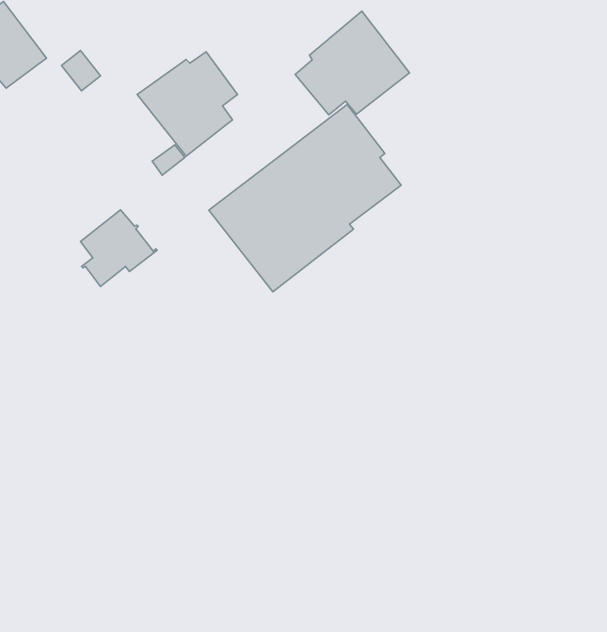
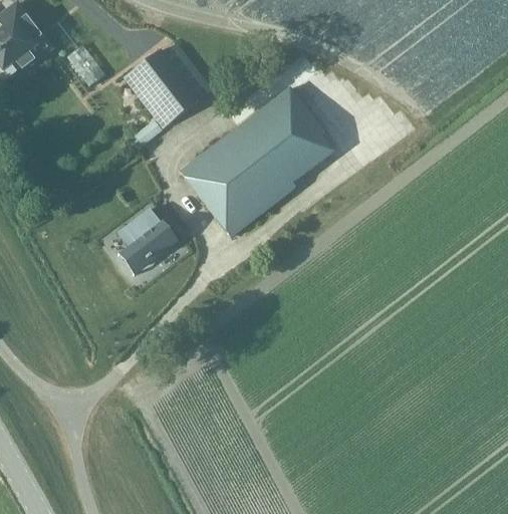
building: [295,11,409,115] -> none
building: [80,210,157,287] -> [117,208,179,269]

